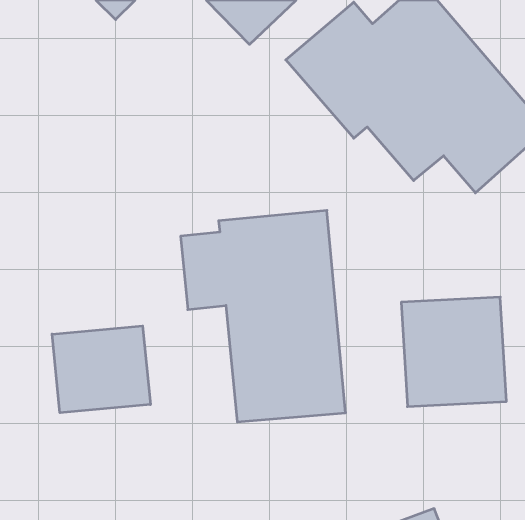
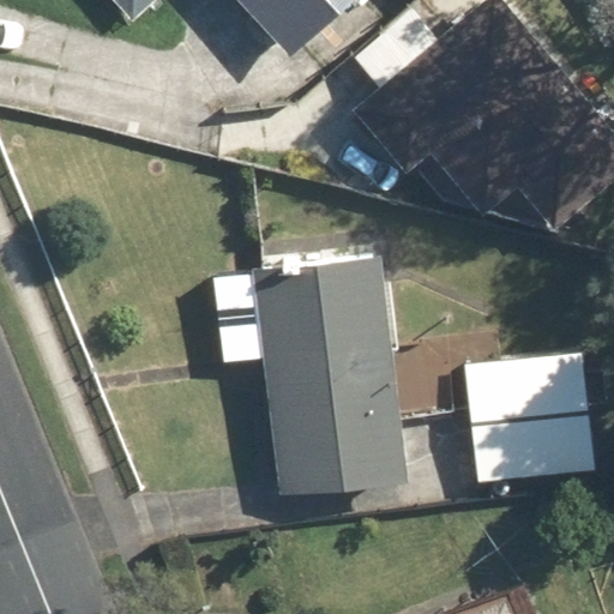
building: [52,326,150,413] -> none

